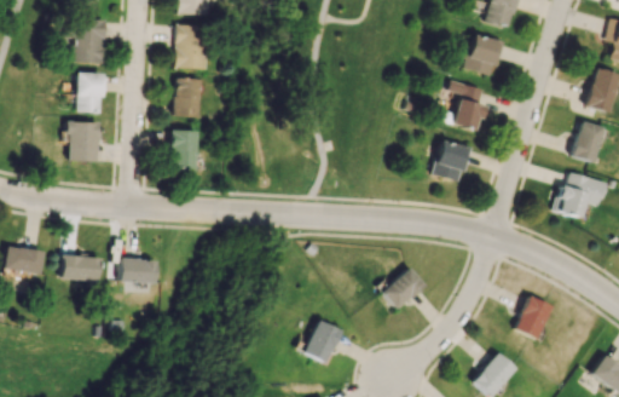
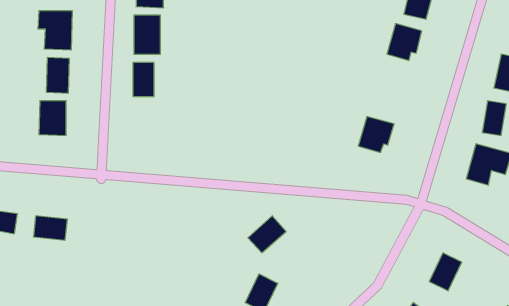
building: [450,81,485,131] -> none
building: [170,131,197,169] -> none
building: [120,259,157,283] -> none
building: [381,267,424,310] -> [248,216,286,253]

